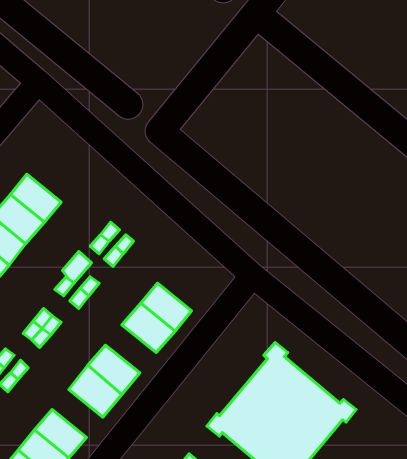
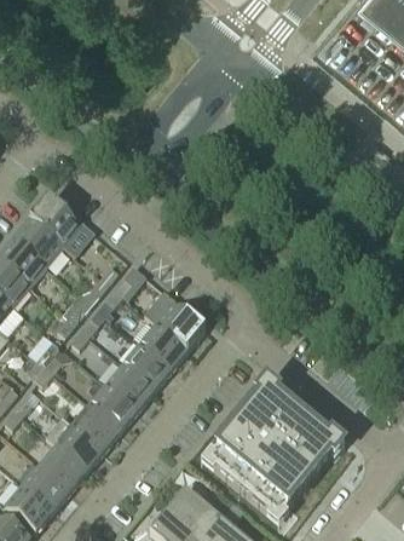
building: none -> [30,197,81,246]
building: none -> [144,290,206,350]
building: none -> [105,363,154,409]
building: none -> [54,425,103,471]

